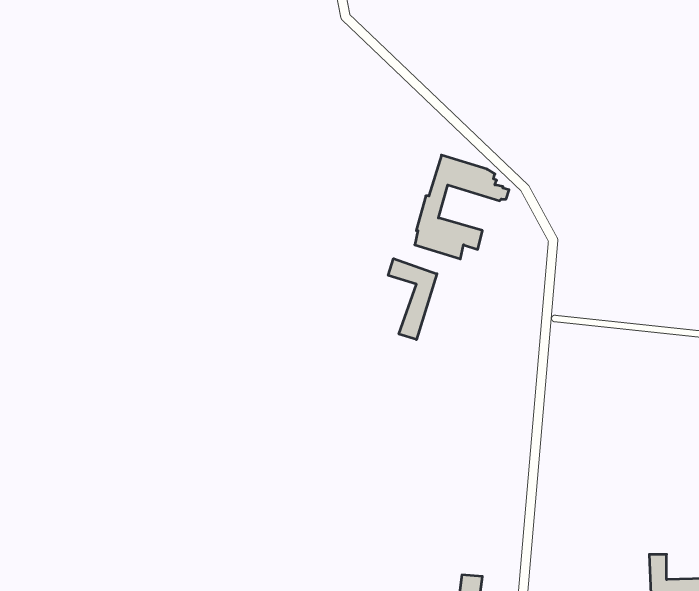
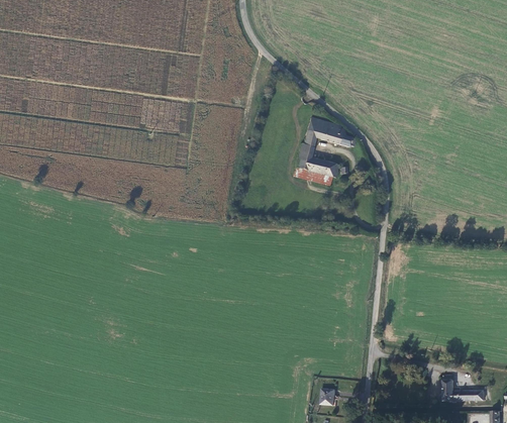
building: [388,259,437,340] -> none

